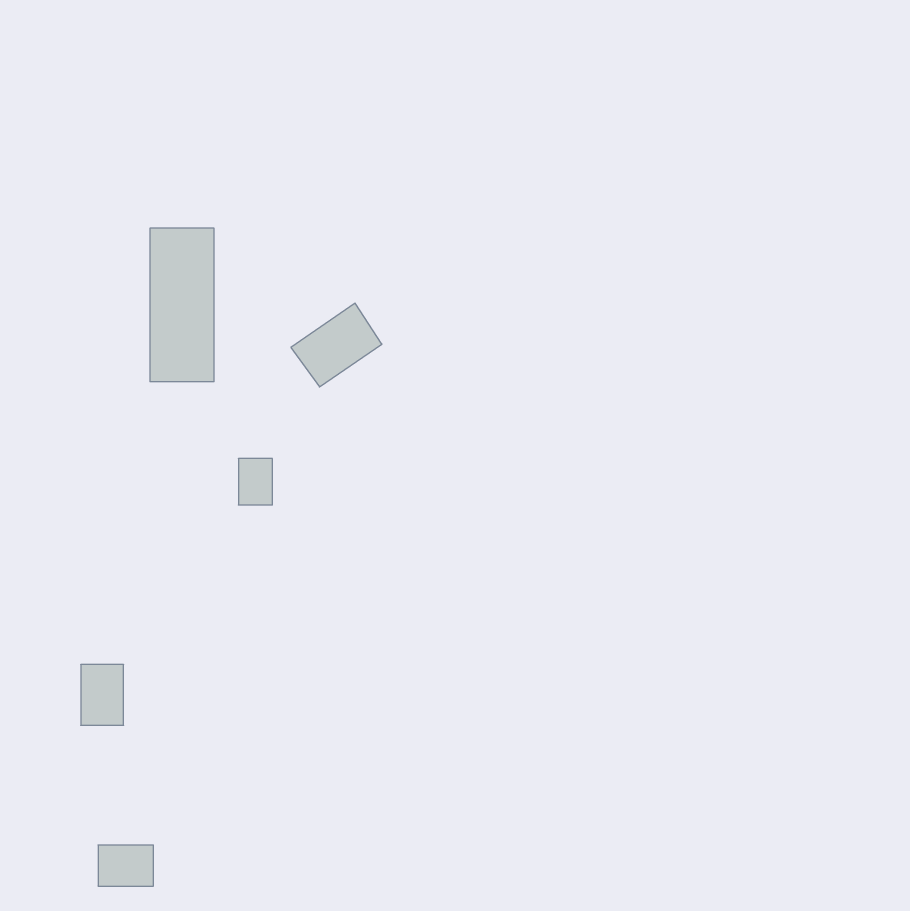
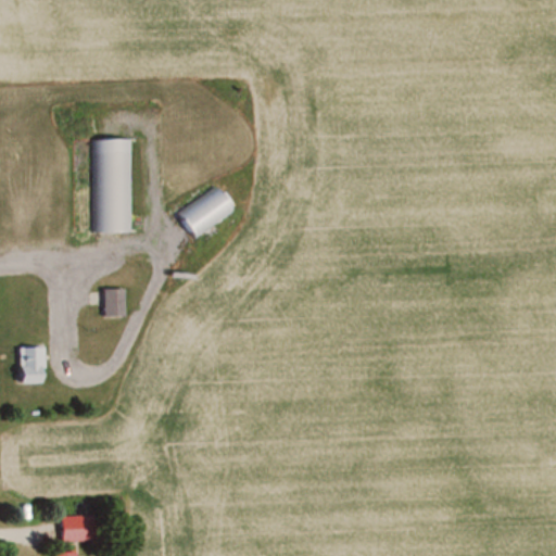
building: [238,459,272,505] -> [104,289,125,317]
building: [81,665,124,725] -> [18,346,45,383]

